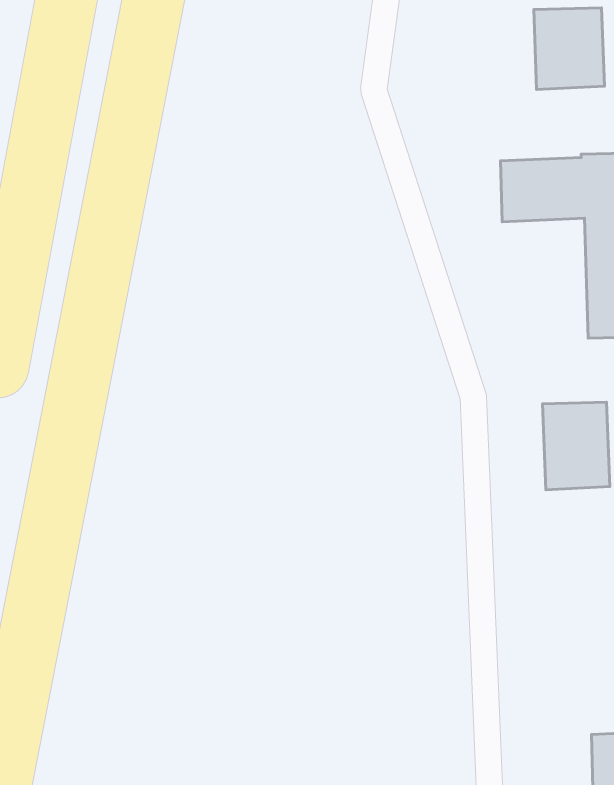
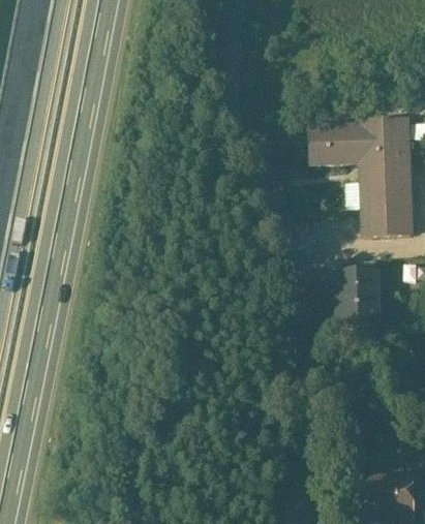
building: [534,8,604,89] -> none

